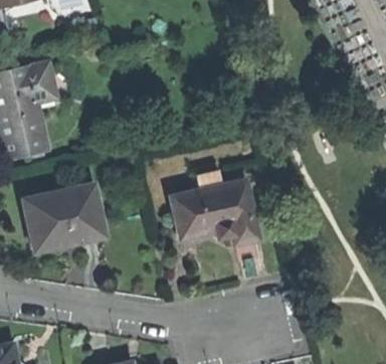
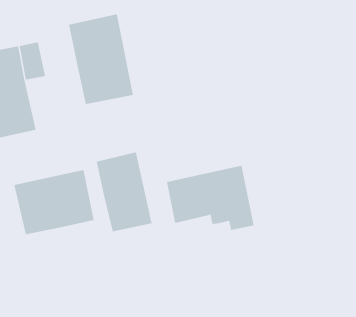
building: none -> [69,14,134,105]
building: none -> [96,151,152,232]

